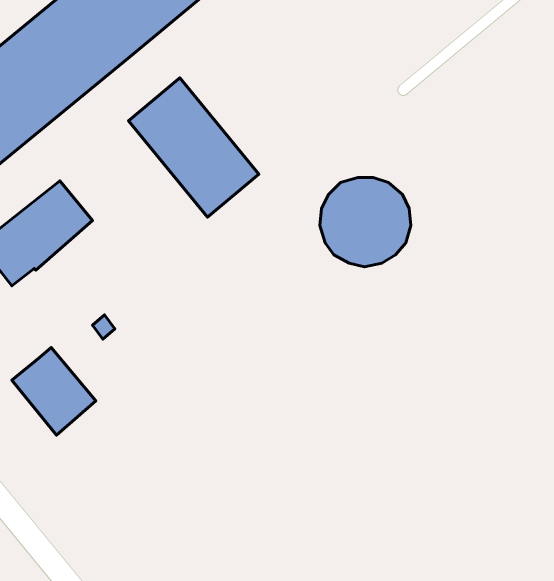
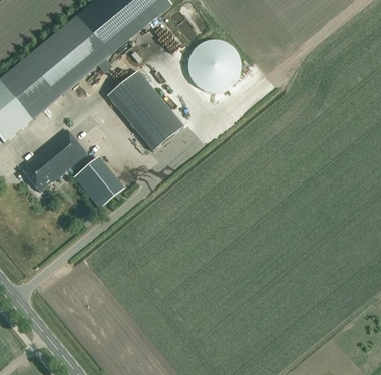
building: [320,177,411,267] -> [188,40,242,92]
building: [12,348,96,435] -> [75,156,124,208]

